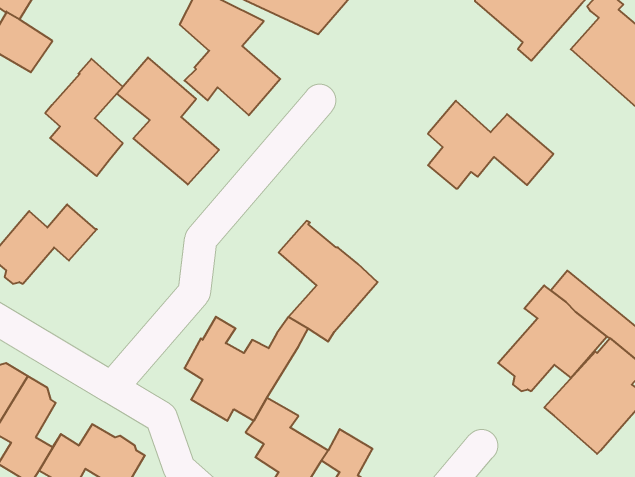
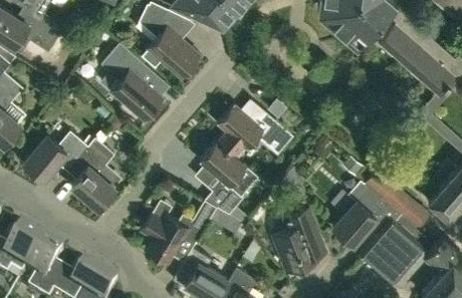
building: [45,59,123,176] -> [67,137,114,209]
building: [428,101,553,188] -> [217,104,293,158]
building: none -> [276,197,319,272]

